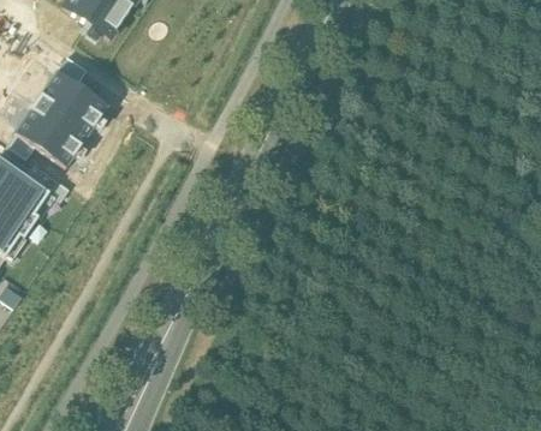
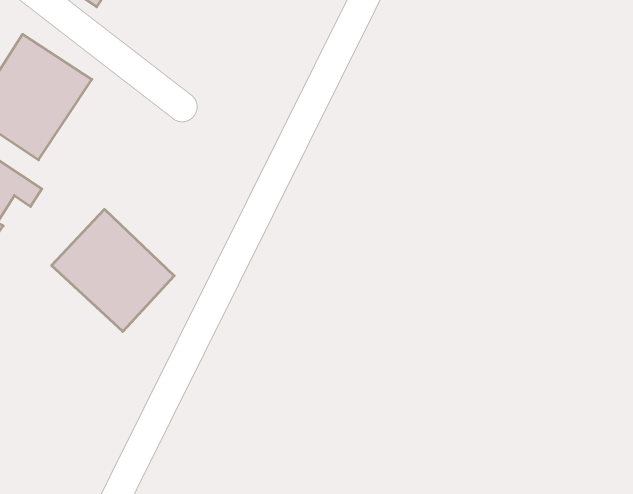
building: none -> [52,209,174,332]

